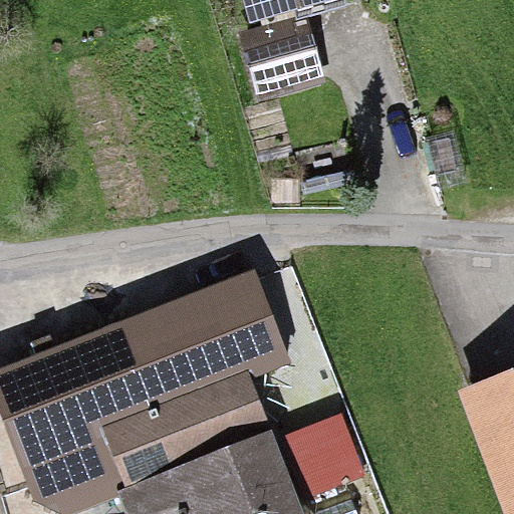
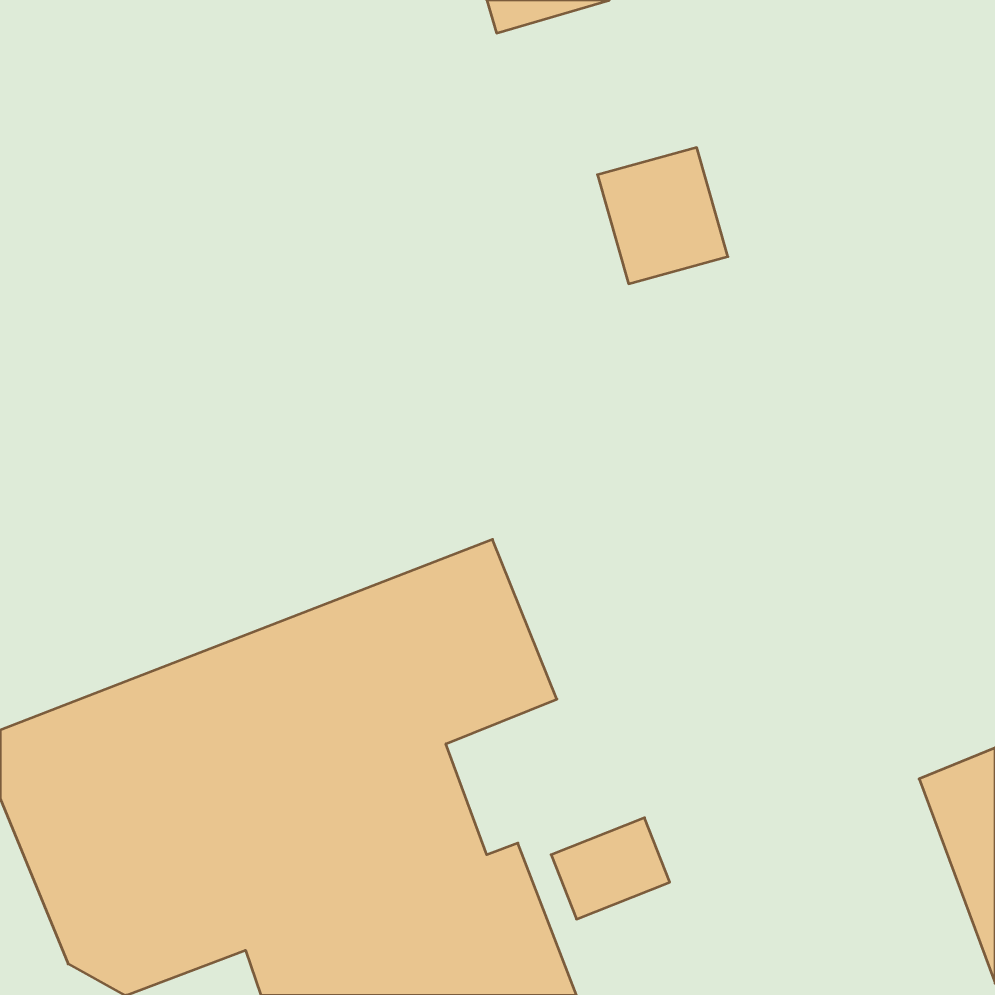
building: [246,25,313,95] -> [597,148,728,284]

